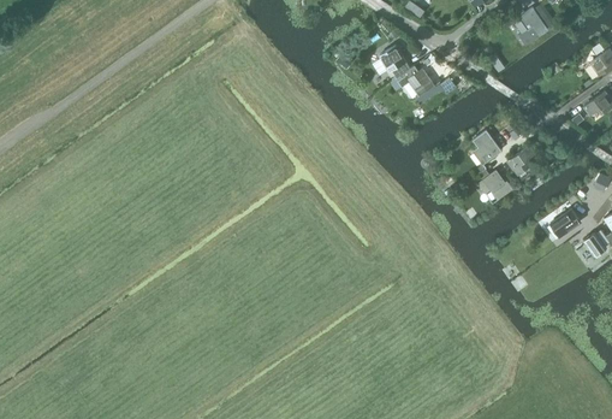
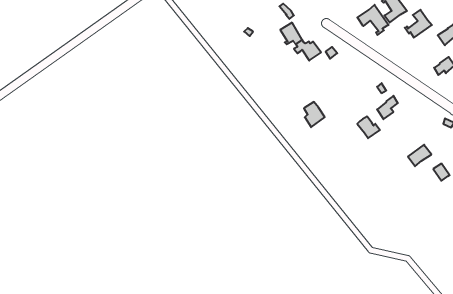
building: none -> [357,5,389,35]
building: none -> [405,10,432,38]
building: [473,130,500,164] -> [304,102,325,127]

